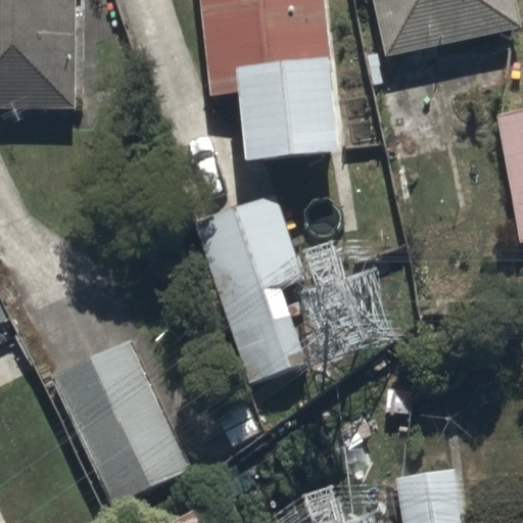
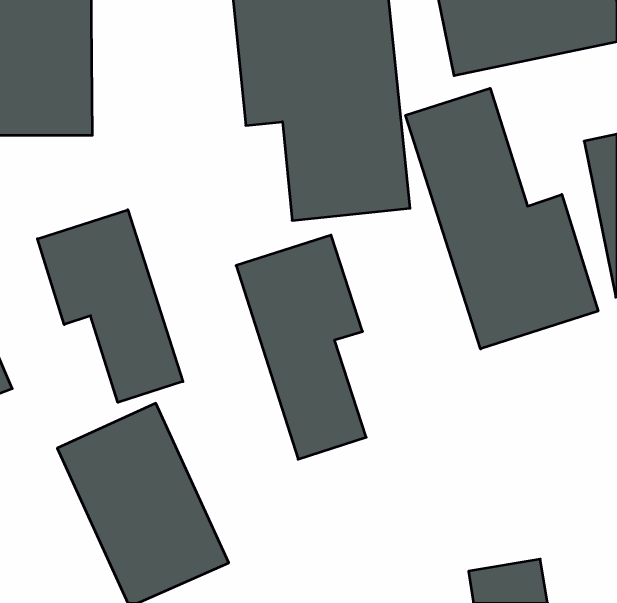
building: none -> [406,88,598,349]
building: none -> [37,210,183,402]

